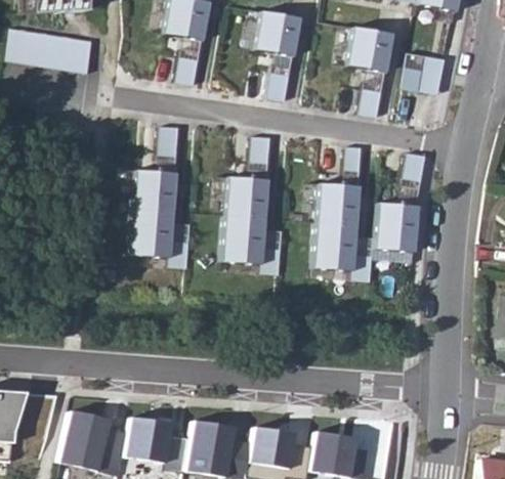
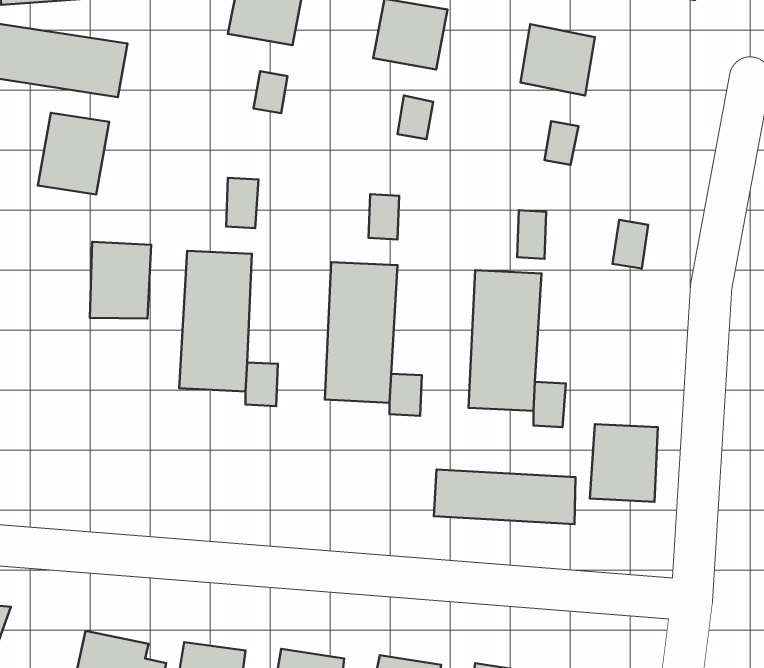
building: [403,52,447,93] -> none
building: none -> [38,113,109,194]
building: none -> [90,242,151,319]
building: [375,203,418,252] -> [590,424,658,502]
building: none -> [434,470,575,524]

